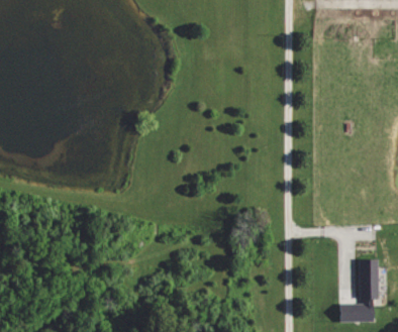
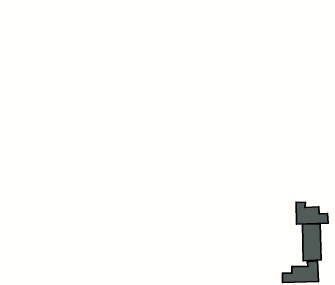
building: none -> [296,202,328,224]

